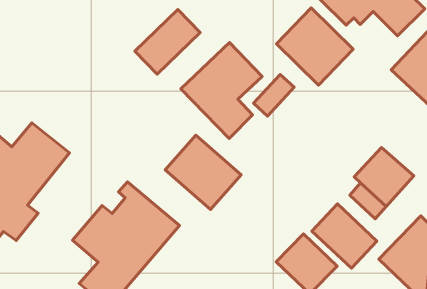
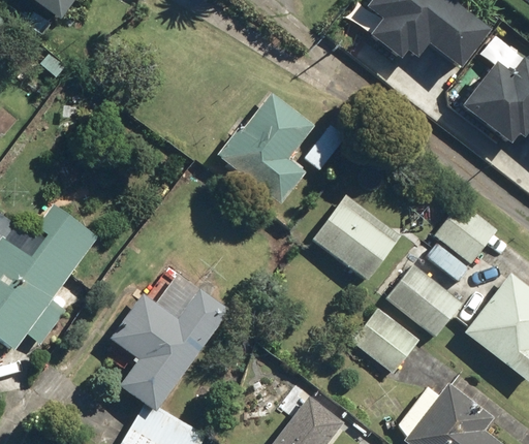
building: [277,8,353,85] -> none
building: [135,9,200,74] -> none
building: [165,135,241,209] -> [308,200,397,285]

